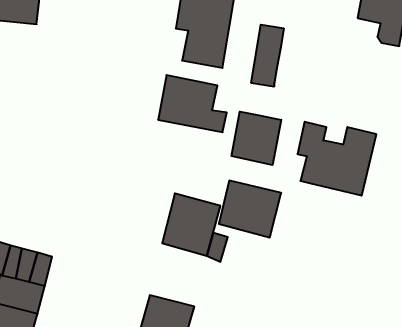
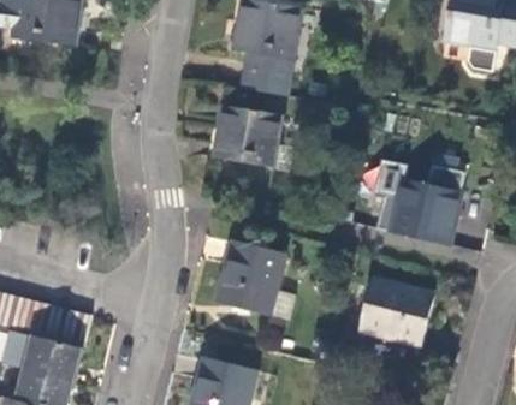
building: [251,25,284,87] -> none
building: [231,112,281,165] -> none
building: [219,180,281,237] -> [361,280,433,346]

